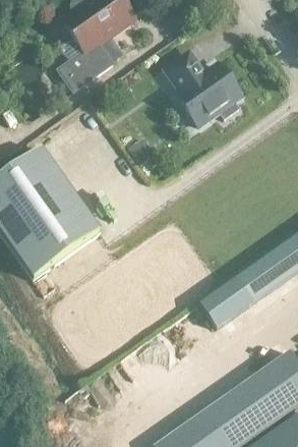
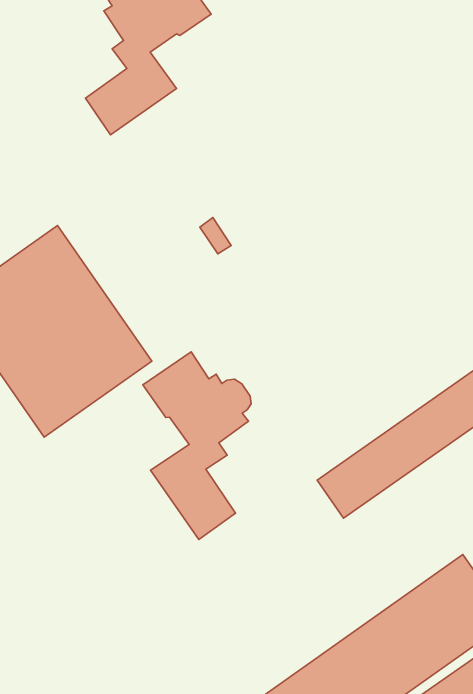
building: [167,52,241,124] -> none
building: none -> [143,352,251,540]

